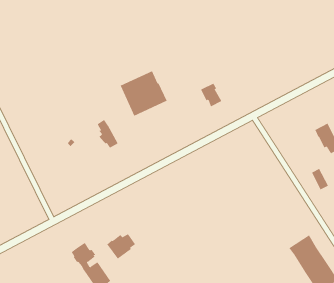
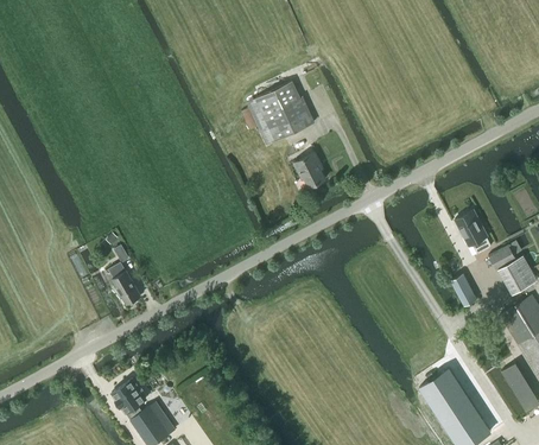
building: [120,70,168,117] -> [247,81,315,146]
building: [97,119,119,149] -> [110,262,141,304]
building: [106,233,136,260] -> none

